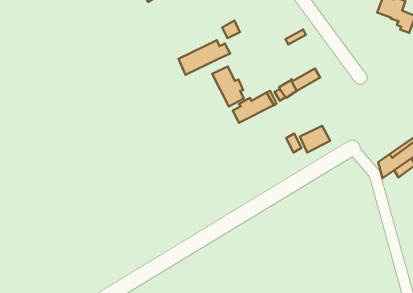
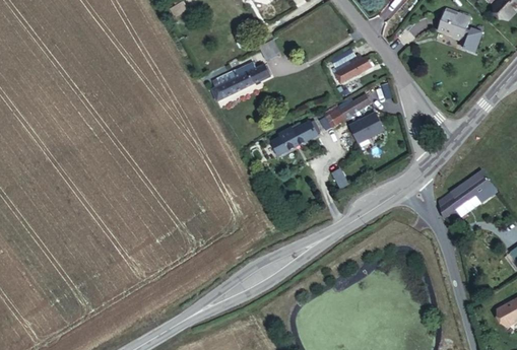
building: none -> [333,54,373,83]
building: [212,67,244,106] -> none
building: [300,126,330,153] -> [349,114,384,144]

